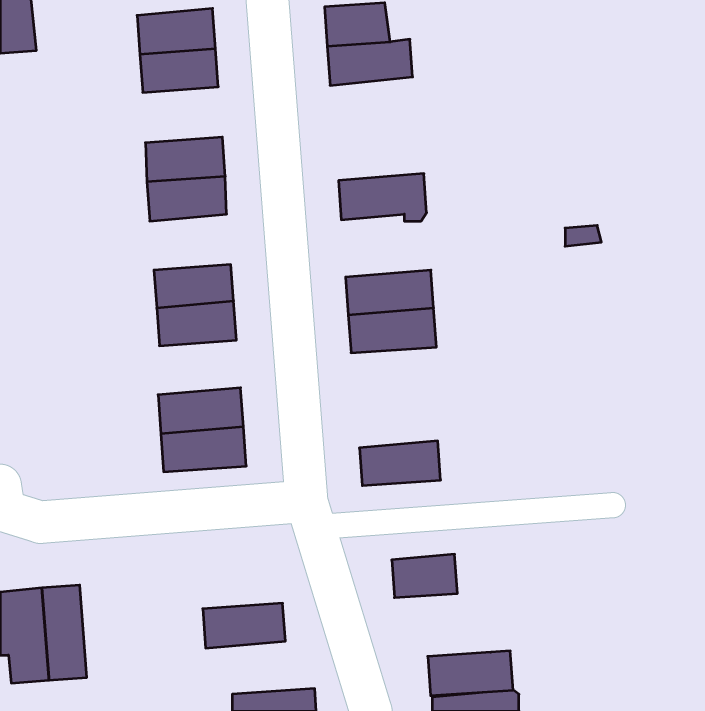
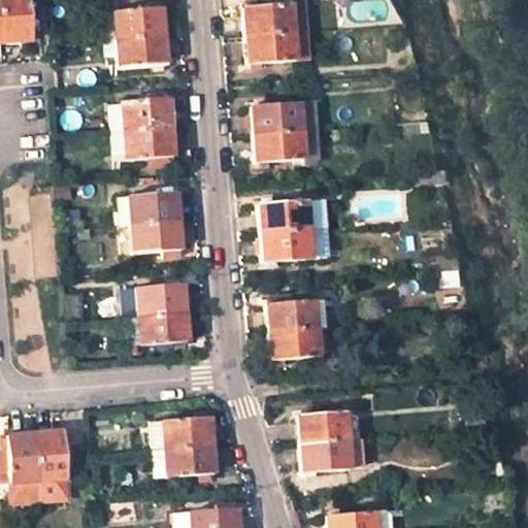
building: none -> [255,100,320,133]
building: none -> [270,297,330,330]
building: none -> [155,417,216,449]
building: [428,651,513,696] -> [298,436,361,469]

